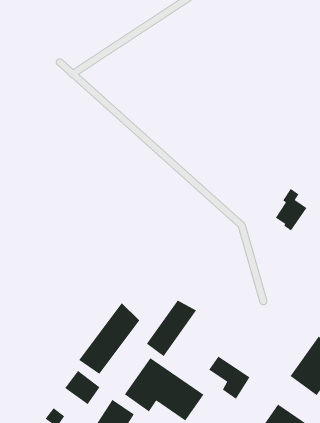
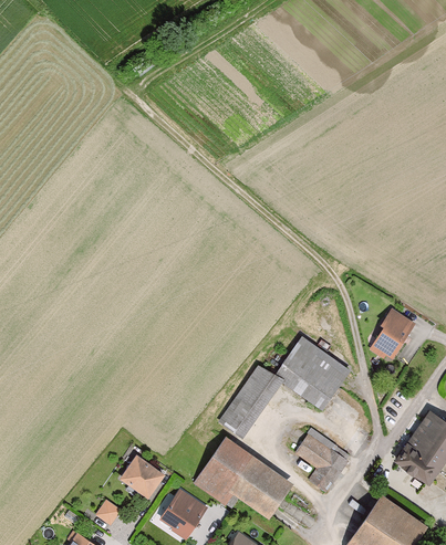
building: [275,188,308,231] -> [371,305,411,358]
building: none -> [277,337,350,407]
building: [78,302,140,375] -> none

